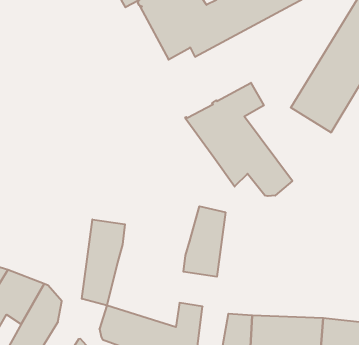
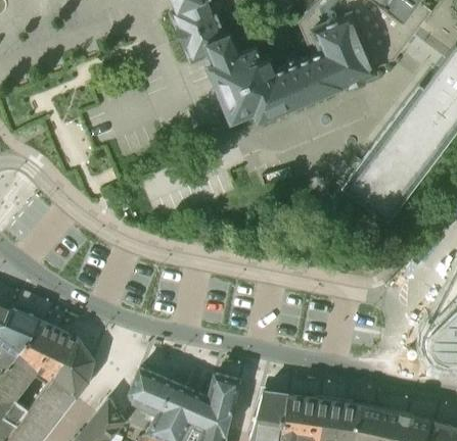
building: [185,83,292,196] -> none
building: [183,206,225,277] -> none
building: [82,219,125,305] -> none

